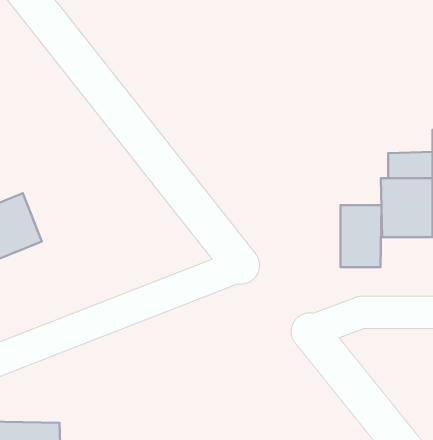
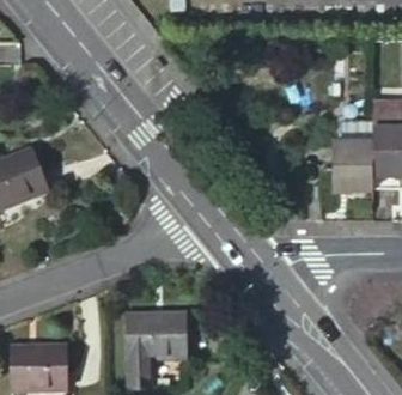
building: [341,205,382,267] -> none
building: none -> [124,308,184,352]

